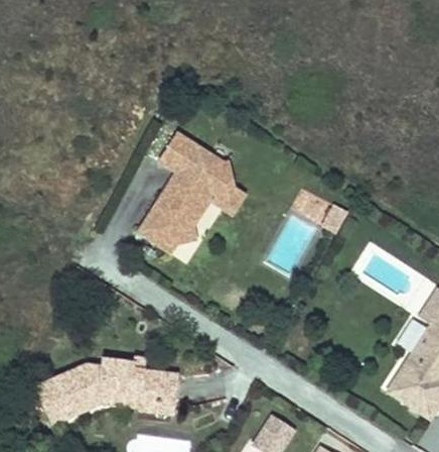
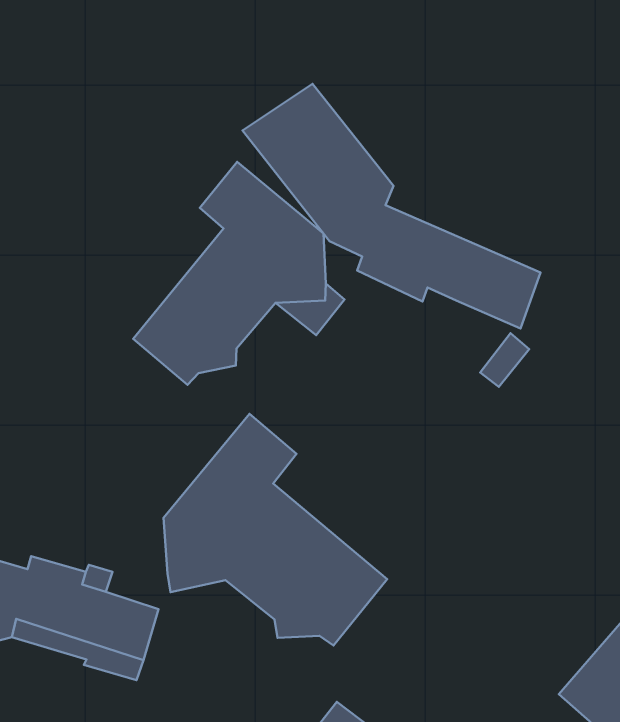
building: none -> [242,84,541,328]
building: none -> [164,414,387,646]

